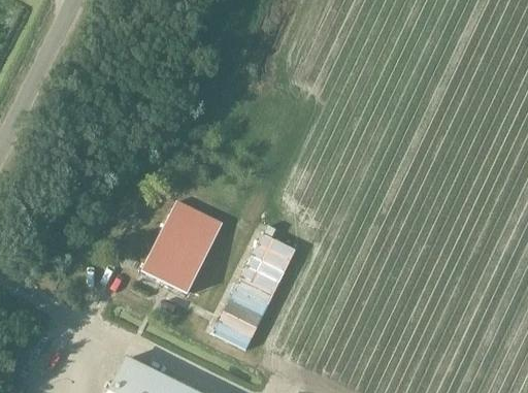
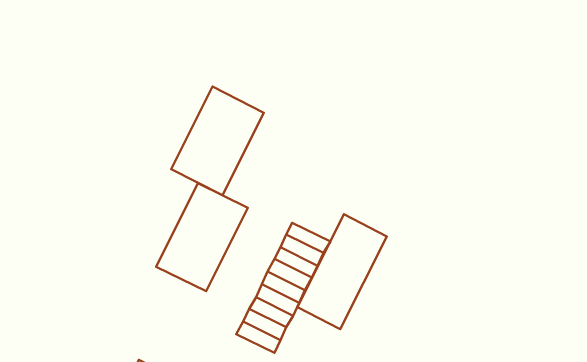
building: none -> [171,86,264,195]
building: none -> [297,214,387,329]

